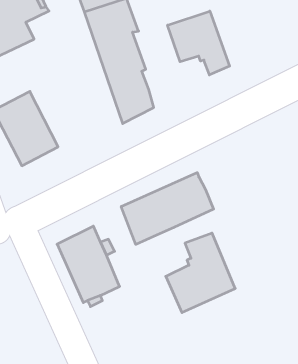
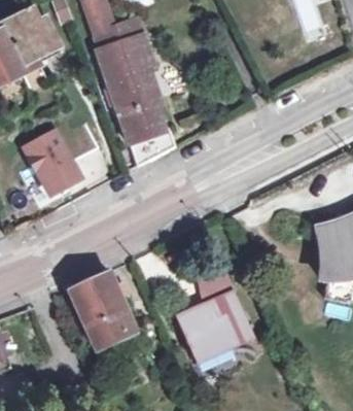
building: [168,11,230,75] -> none
building: [121,173,214,244] -> none

